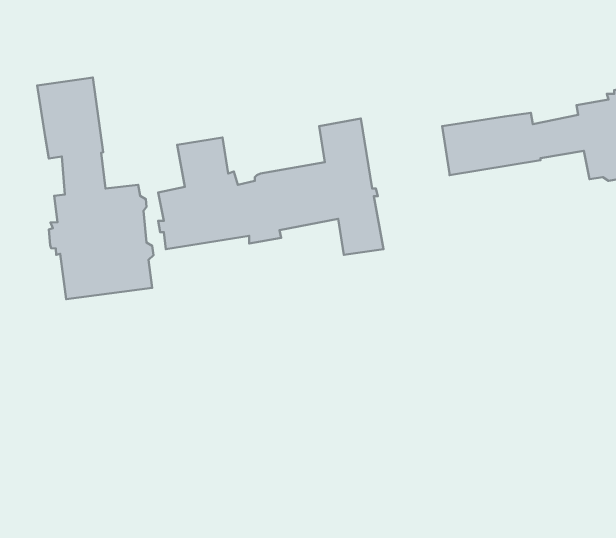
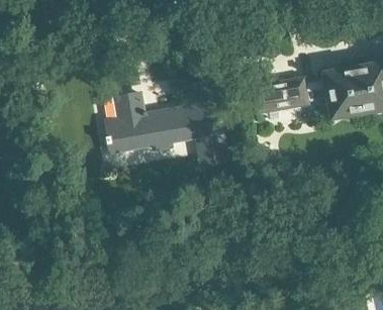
building: [37,77,153,299] -> none

